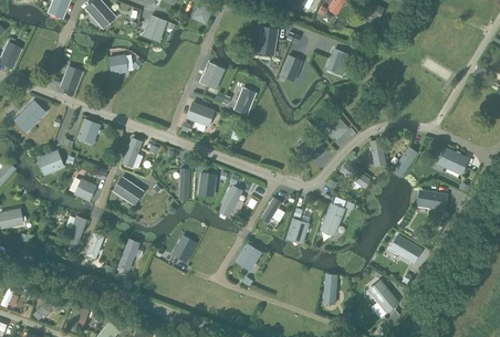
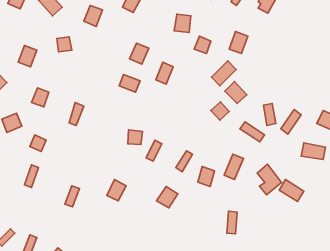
building: none -> [211,61,236,86]
building: [112,177,143,206] -> none
building: [367,280,398,318] -> [257,164,282,195]

